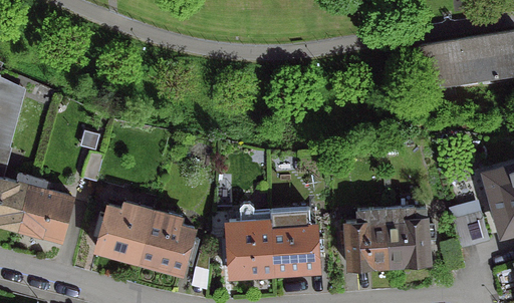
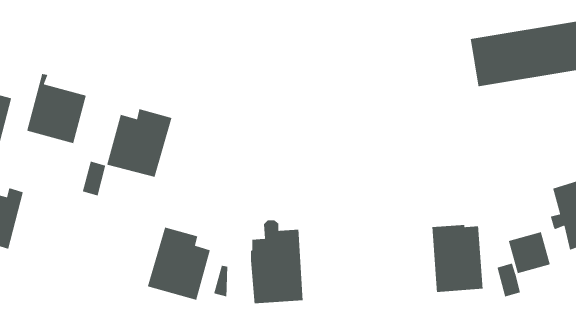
building: [18,181,70,242] -> [26,73,87,144]
building: [95,203,153,263] -> [106,108,172,178]
building: [269,210,317,275] -> none
building: [344,211,388,270] -> none

